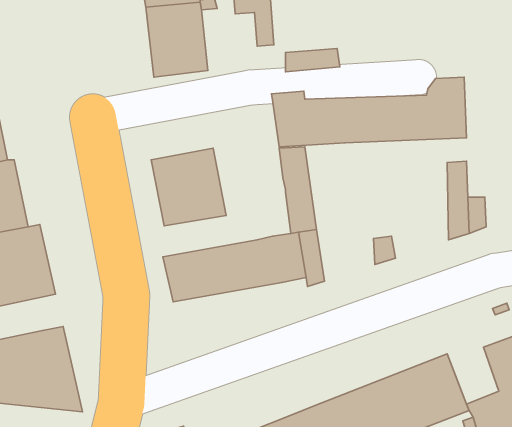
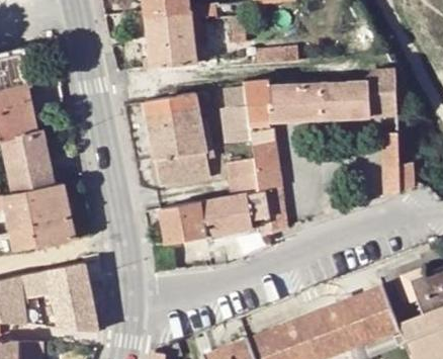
building: none -> [223,87,254,148]
building: none -> [145,94,199,133]
building: none -> [229,159,260,196]

